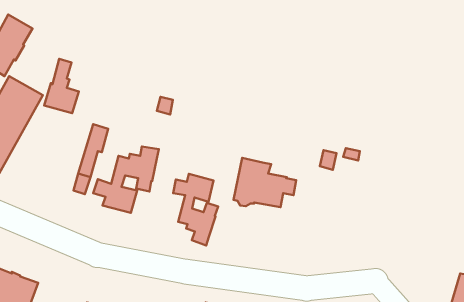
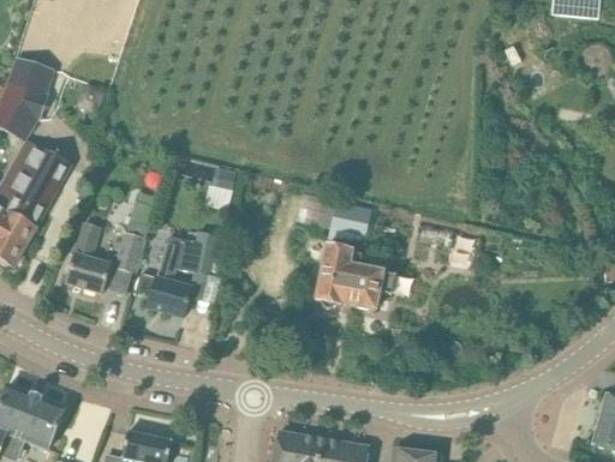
building: [44,59,79,113] -> [65,222,109,292]
building: none -> [330,204,372,235]
building: [173,174,218,245] -> none

